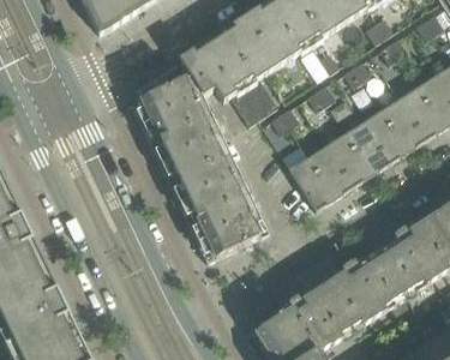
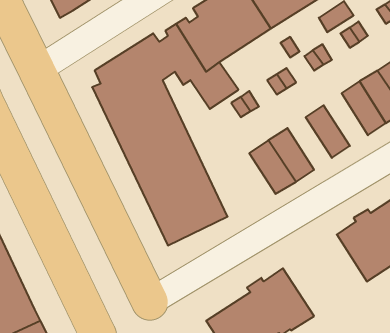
building: [364,108,408,161] -> none
building: [322,122,372,185] -> none
building: [323,250,407,331] -> none

